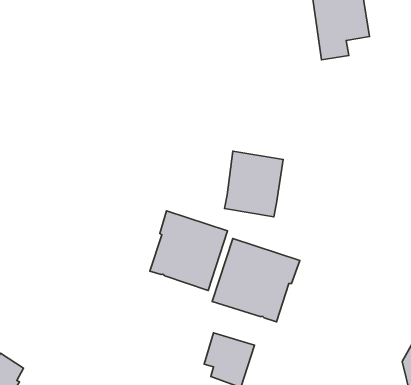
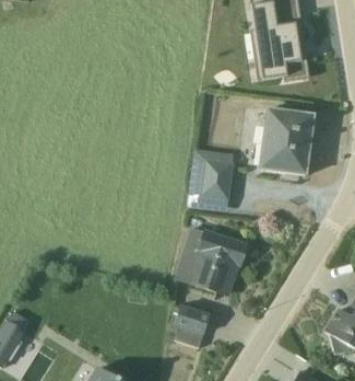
building: none -> [257,108,313,175]
building: [150,211,228,290] -> none

